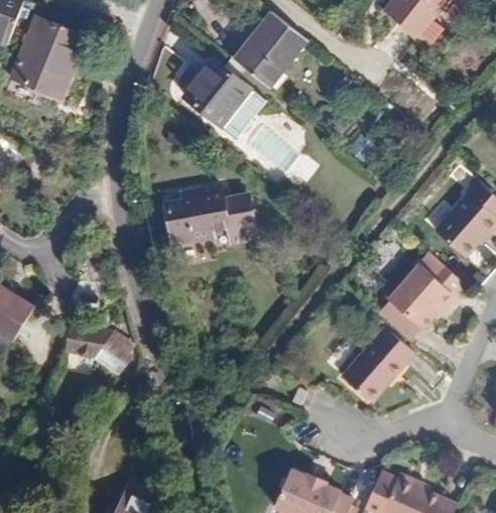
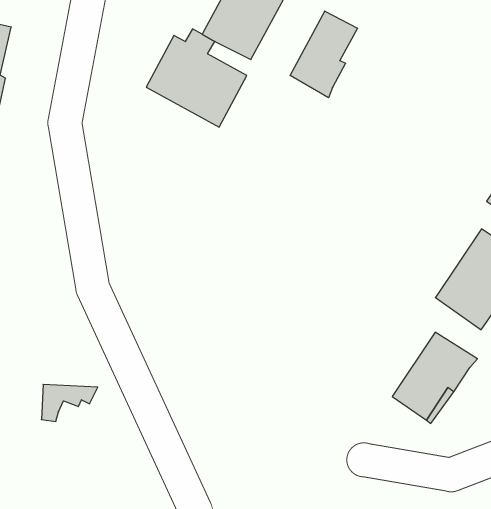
building: none -> [290,11,358,98]
building: [156,188,252,249] -> none
building: [75,331,132,378] -> none

